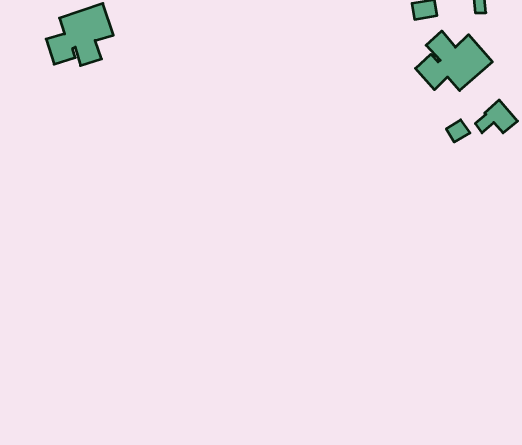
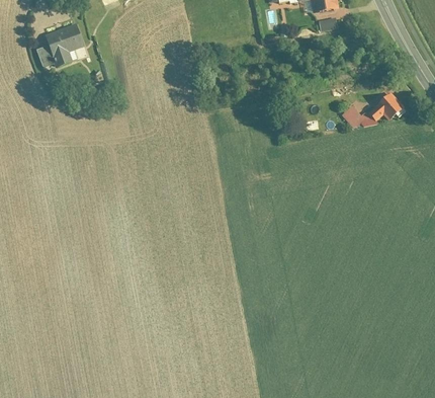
building: [415,31,492,91] -> none

